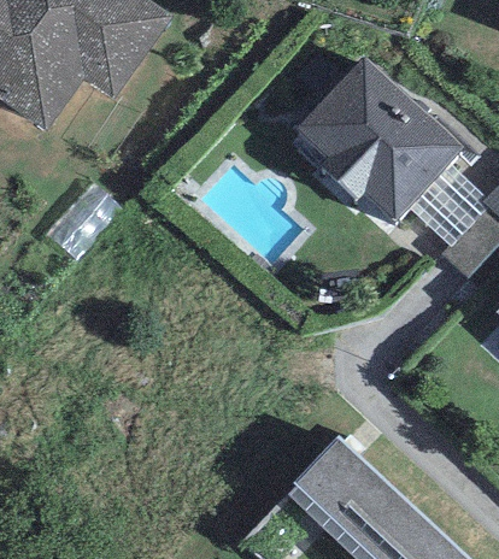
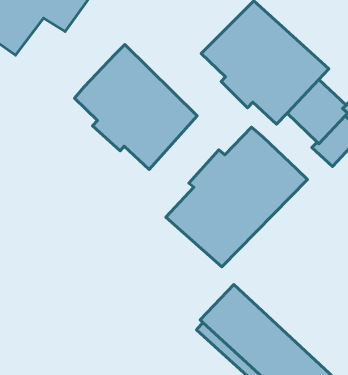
building: none -> [74,44,197,169]
building: none -> [166,127,307,267]

